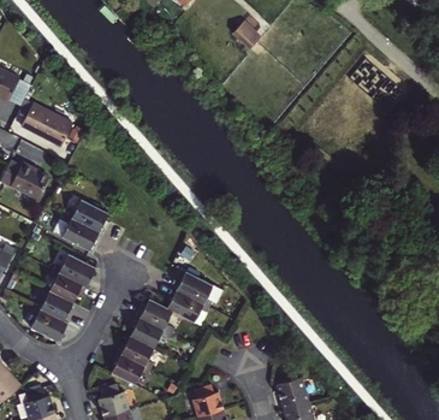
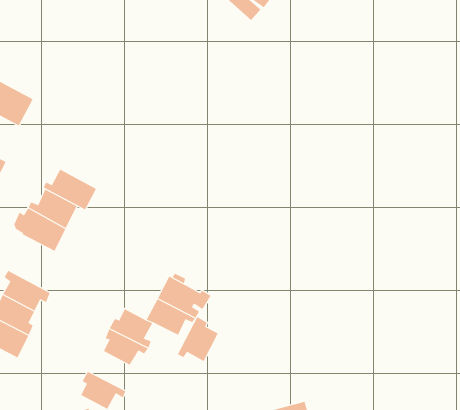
building: [51,252,96,286] -> [43,169,97,210]
building: none -> [177,316,218,362]
building: [118,336,154,369] -> none

